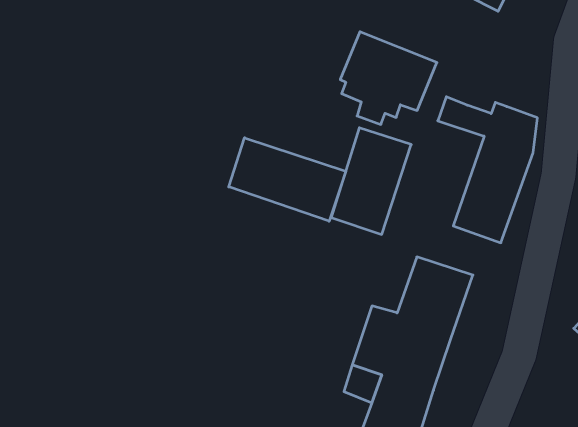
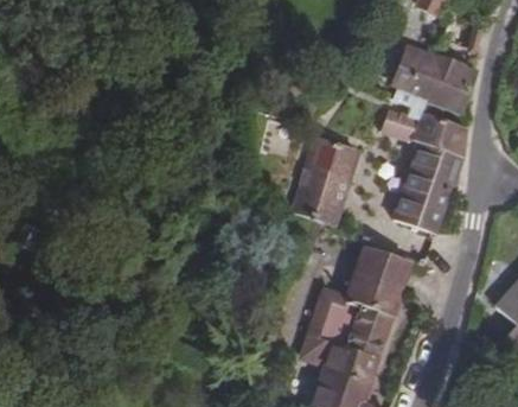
building: [340,32,437,124] -> [392,46,474,125]
building: [229,138,346,221] -> none

